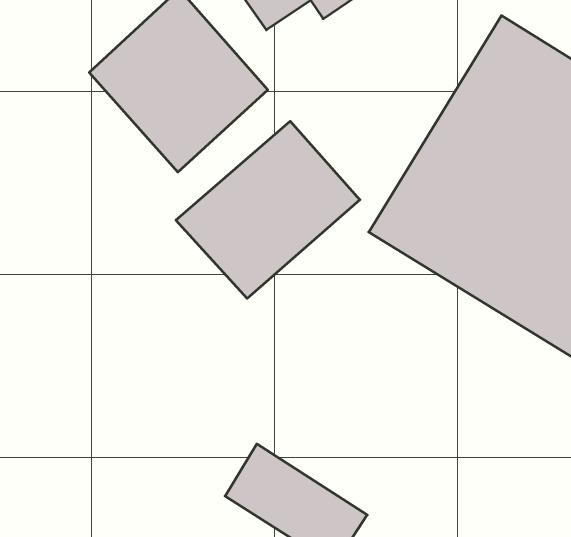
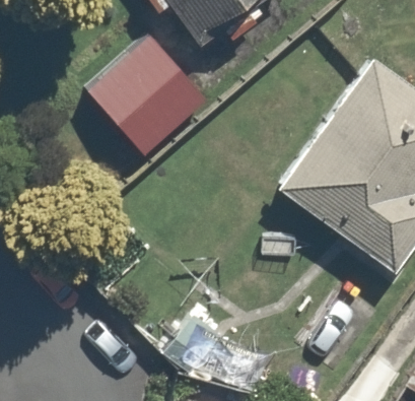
building: [176,121,360,298] -> none

